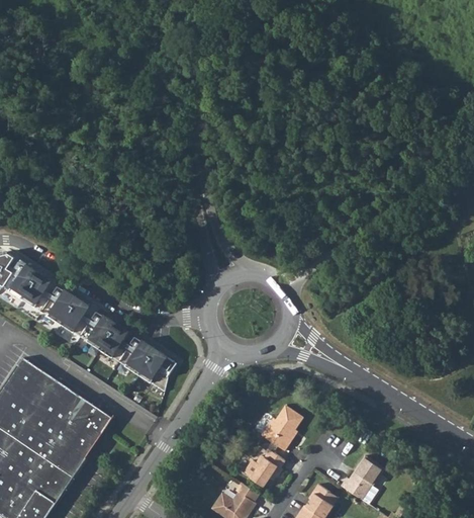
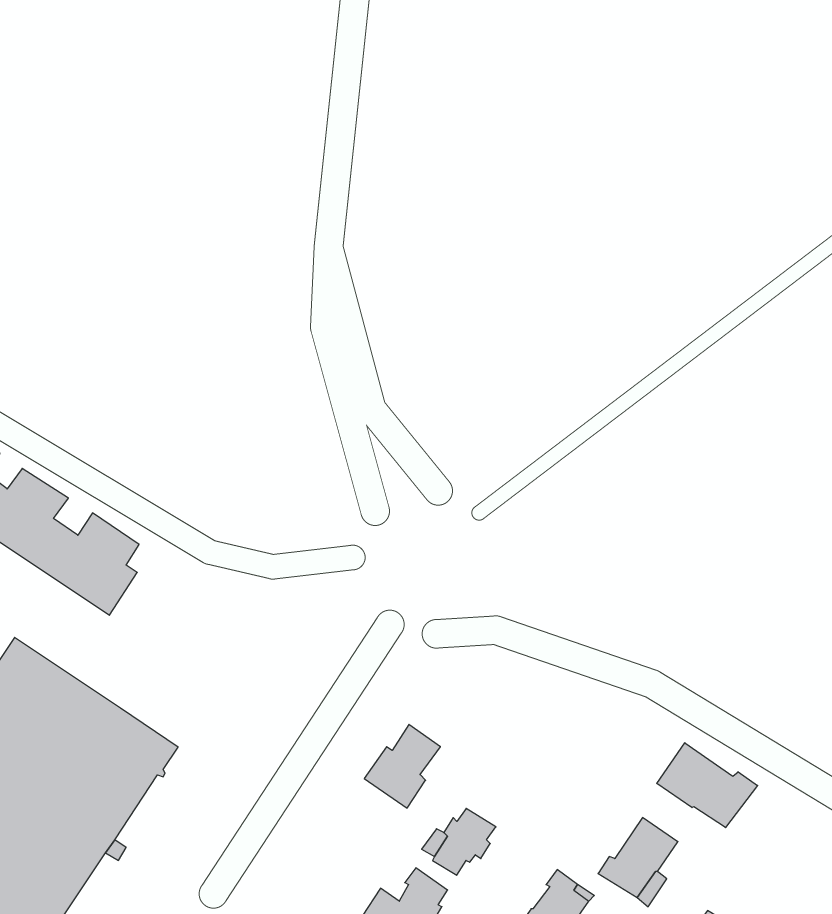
building: [74,316,176,392] -> none
building: [261,406,302,451] -> [364,724,440,808]
building: none -> [657,743,758,828]

